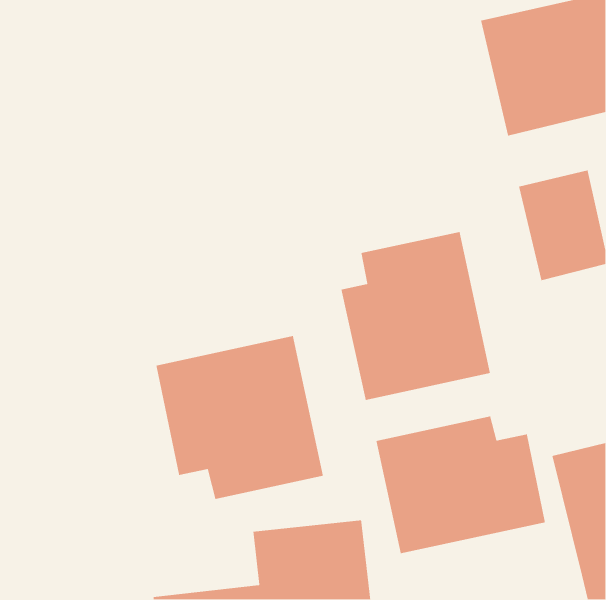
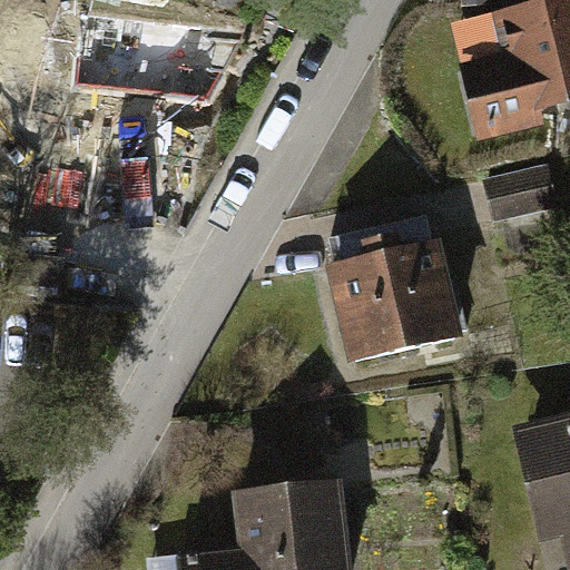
building: [155,335,324,500] -> none
building: [376,415,546,554] -> none

